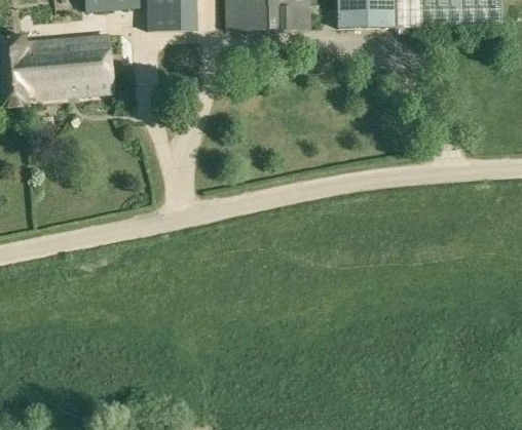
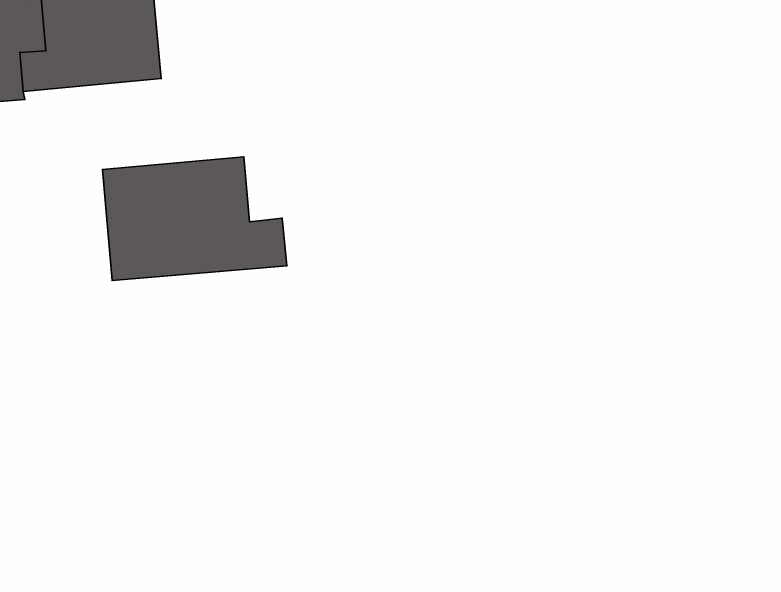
building: none -> [102,157,287,280]

